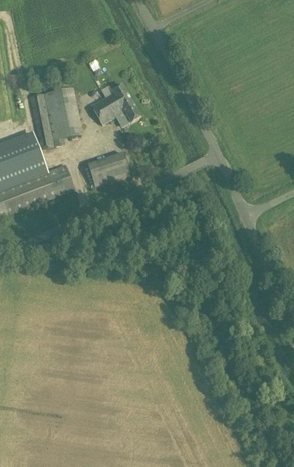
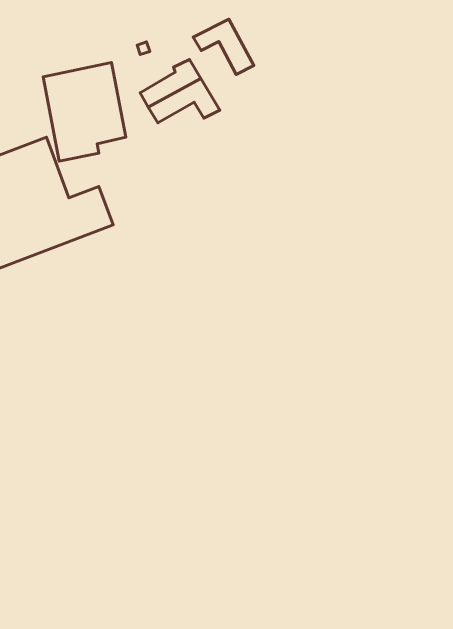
building: none -> [193,19,254,74]
building: [87,151,129,186] -> none

